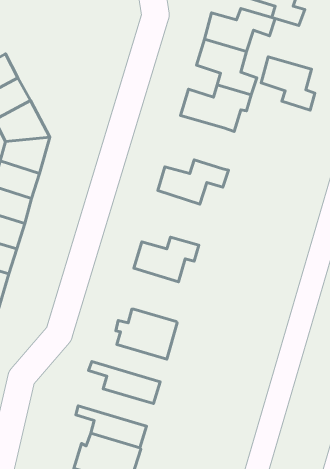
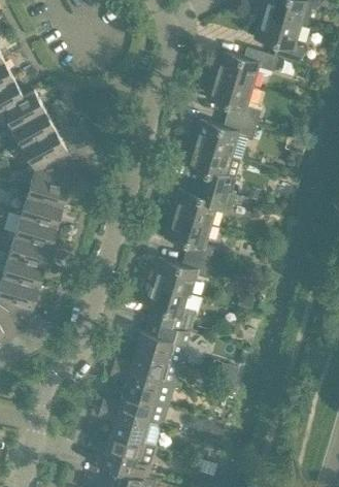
building: [261,57,315,110] -> [185,145,234,194]
building: none -> [164,214,213,263]
building: none -> [142,284,194,332]
building: none -> [111,353,179,387]
building: none -> [99,393,167,427]

